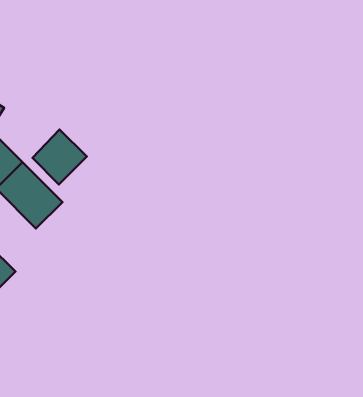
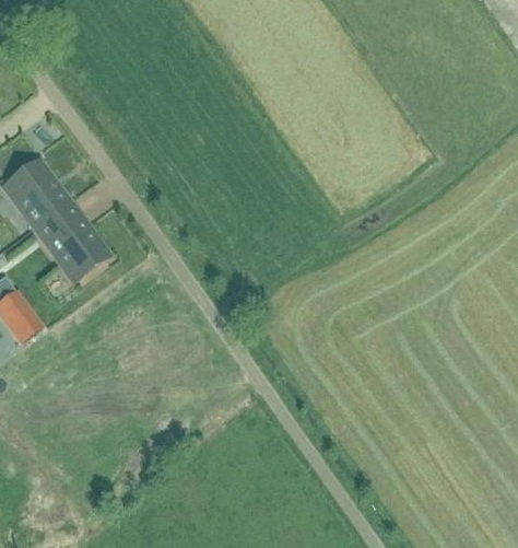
building: [32,130,87,185] -> none

